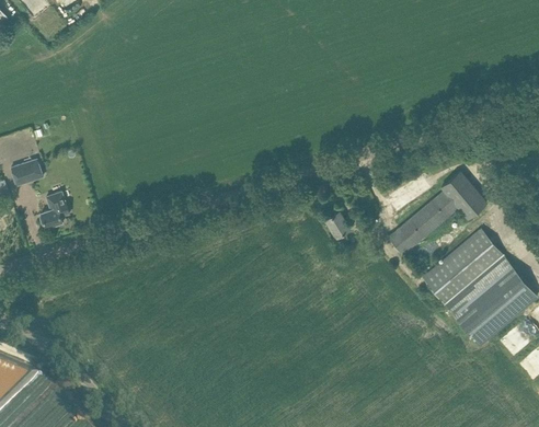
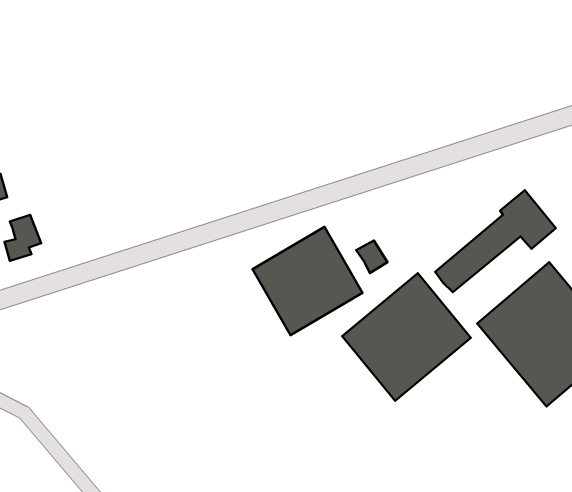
building: none -> [252,227,363,335]
building: none -> [342,273,471,401]

